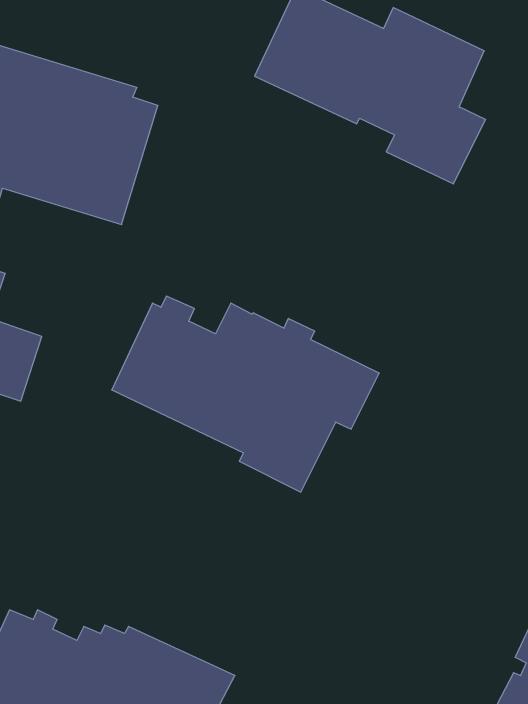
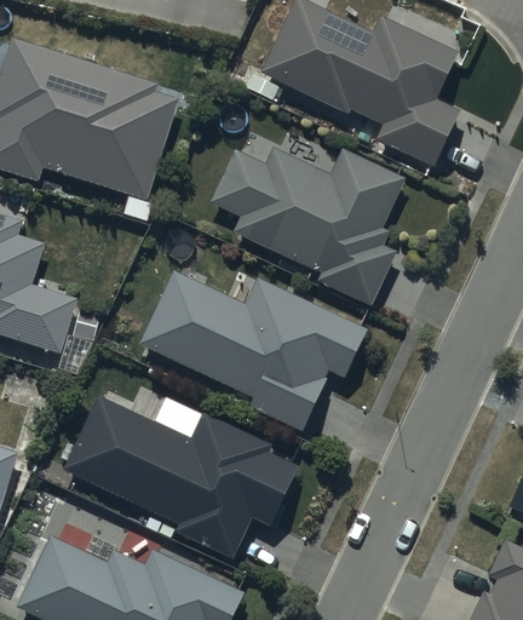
building: none -> [209,144,406,306]
building: none -> [62,389,297,561]

